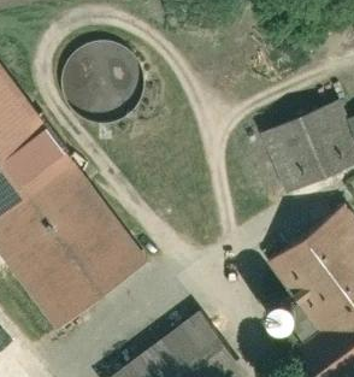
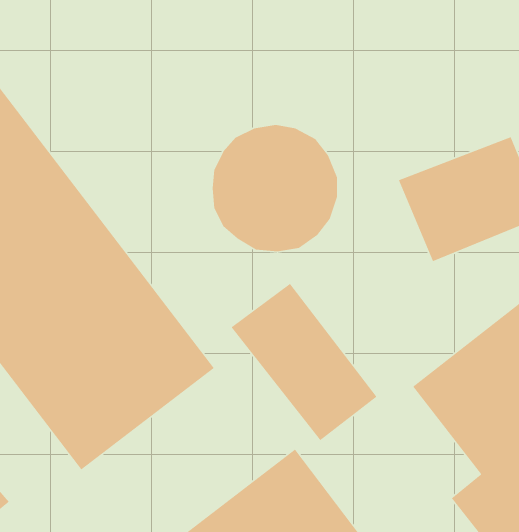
building: [59,33,142,117] -> [212,124,338,252]
building: none -> [230,283,378,441]

